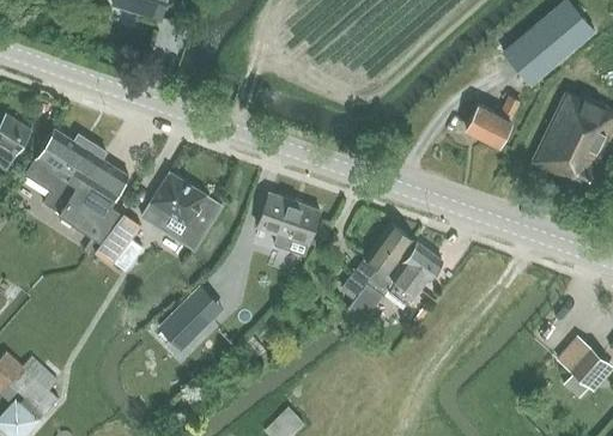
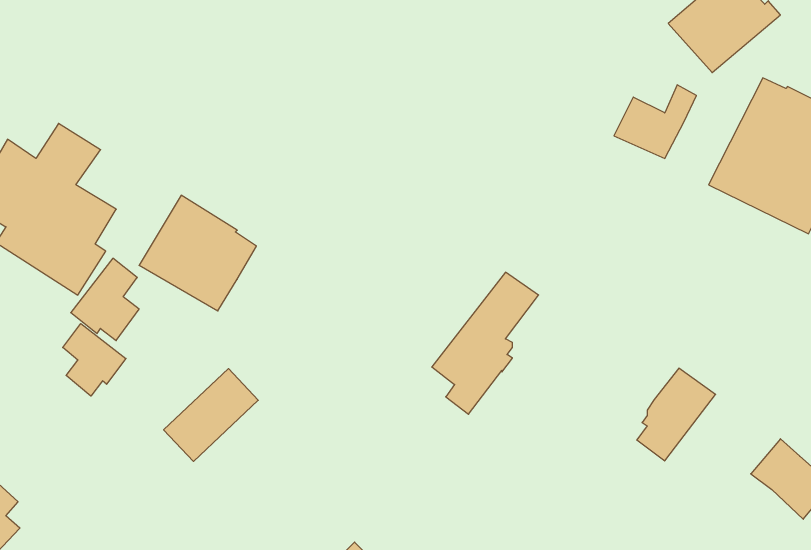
building: [256,192,318,256] -> none
building: [388,242,442,305] -> [637,368,716,461]
building: none -> [63,324,126,396]

